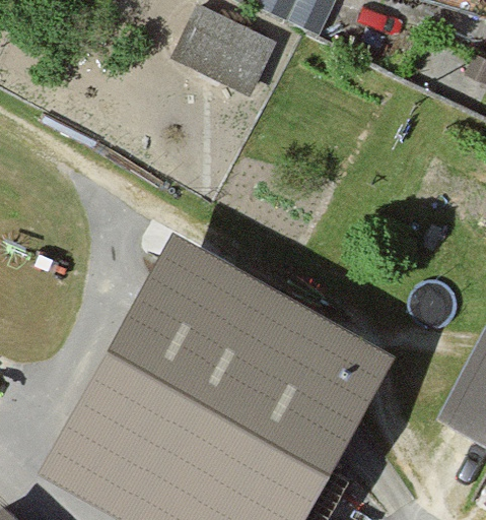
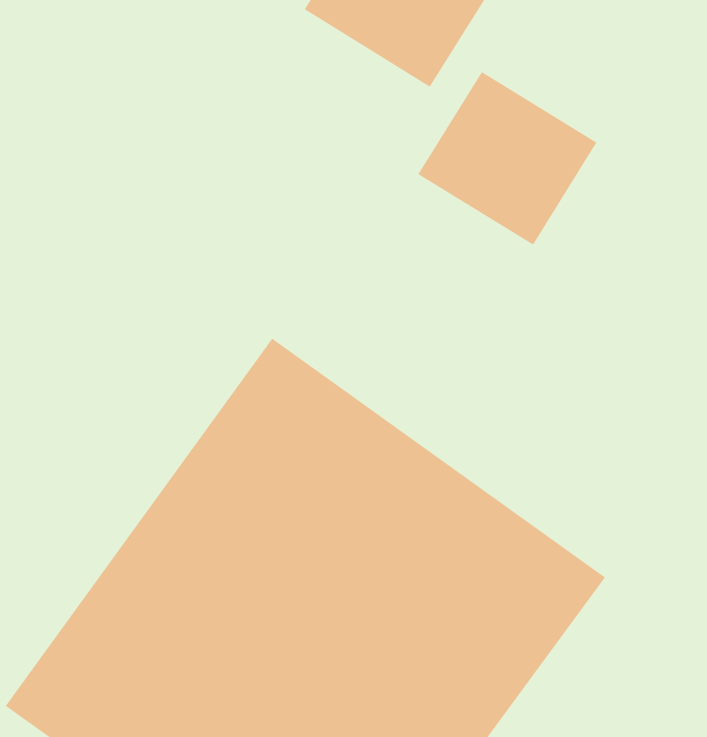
building: none -> [418,71,597,246]

